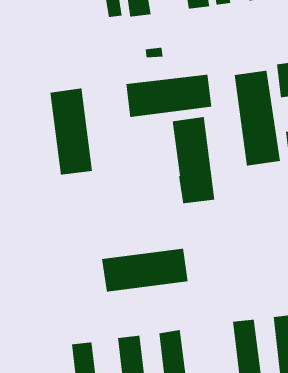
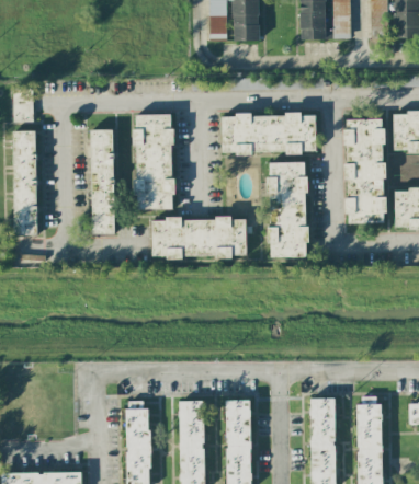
building: none -> [91,129,115,234]
building: [101,248,189,292] -> [151,218,247,257]

